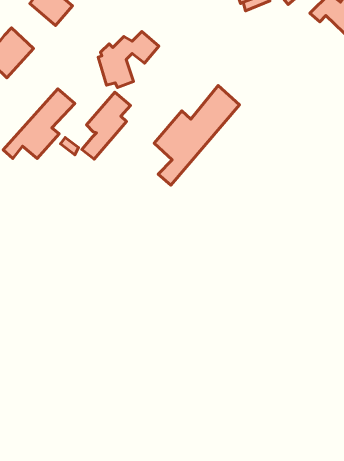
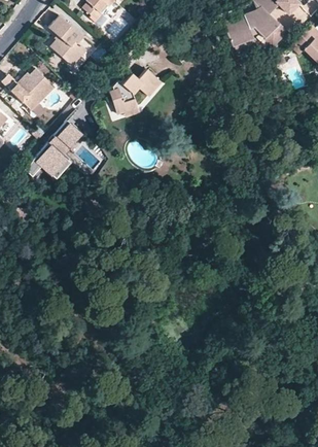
building: [154,85,240,185] -> none
building: [82,92,130,159] -> none

